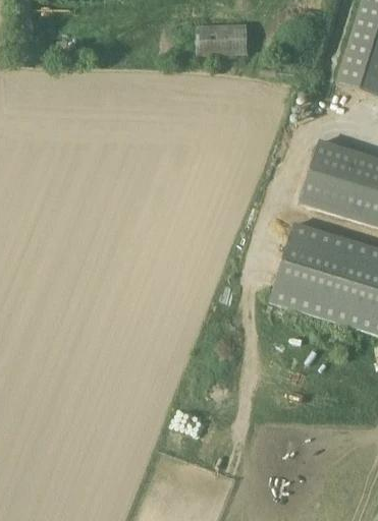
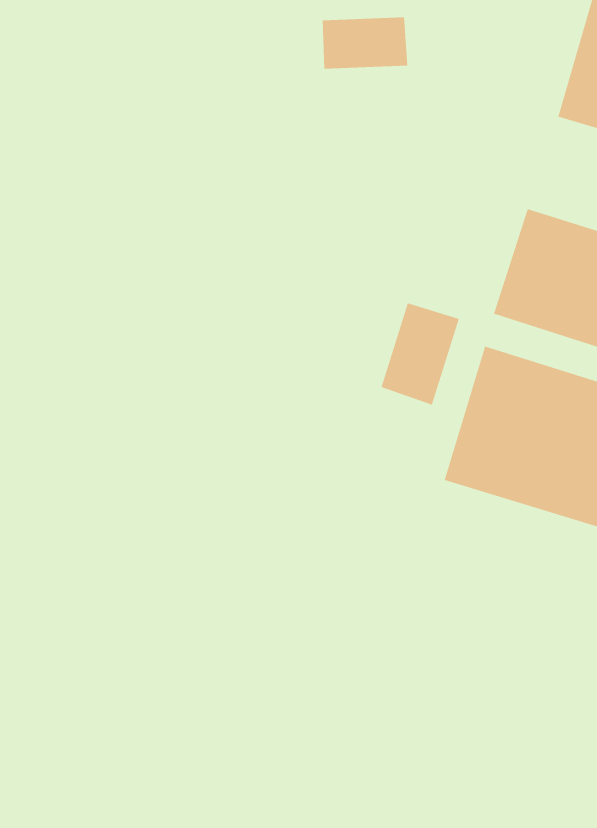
building: none -> [381,303,460,405]

